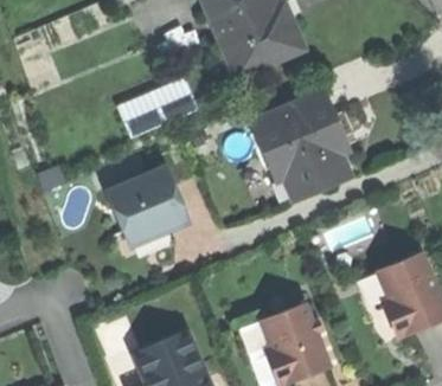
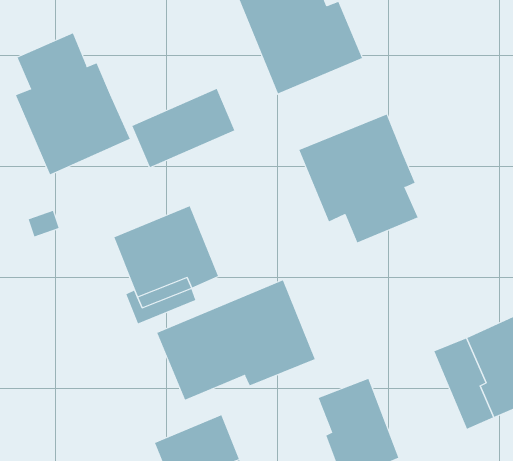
building: none -> [15,32,130,175]
building: none -> [156,280,315,401]

